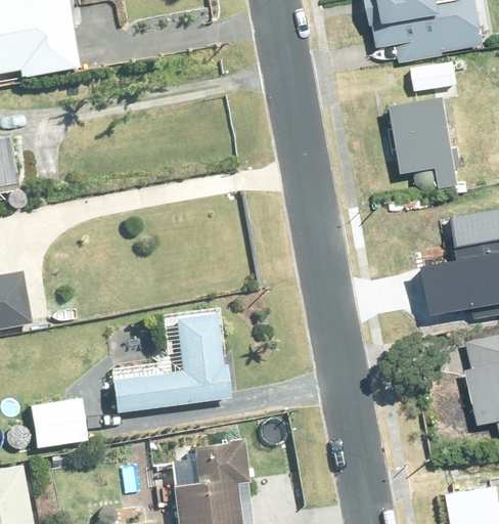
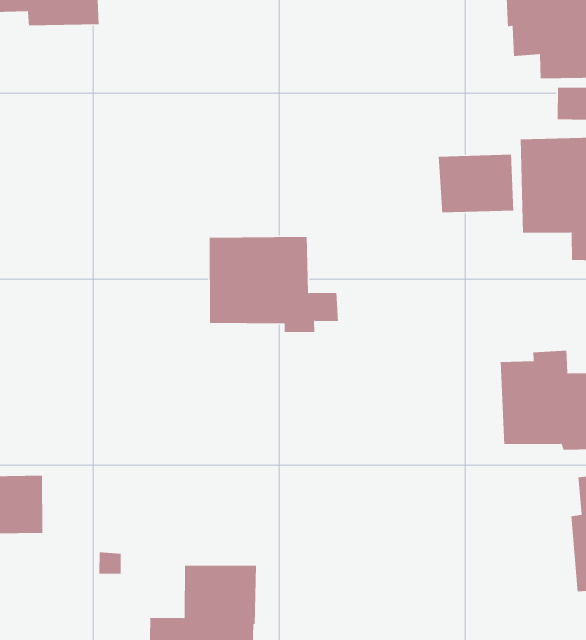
building: none -> [438,154,514,213]
building: none -> [209,236,339,333]
building: [115,313,233,412] -> none

